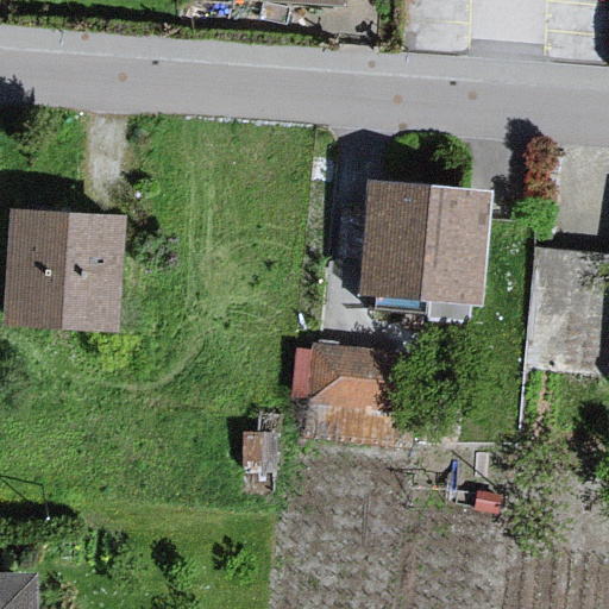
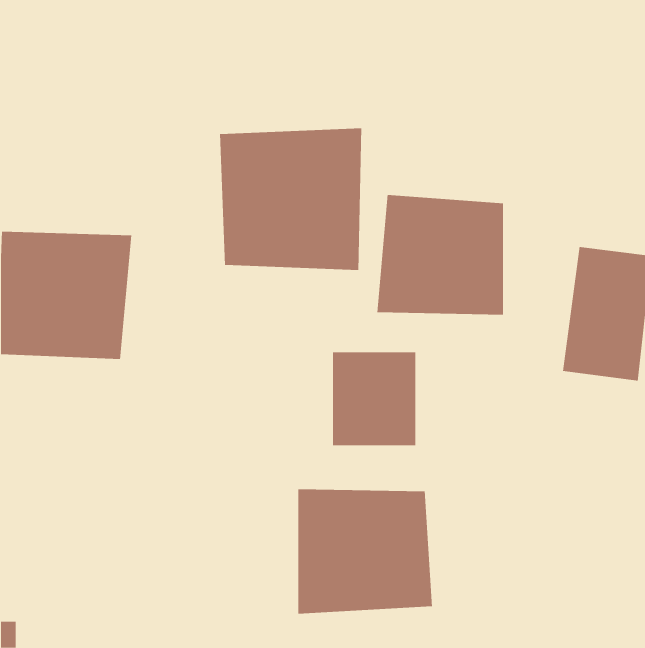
building: none -> [219,128,362,271]
building: none -> [298,489,433,615]

